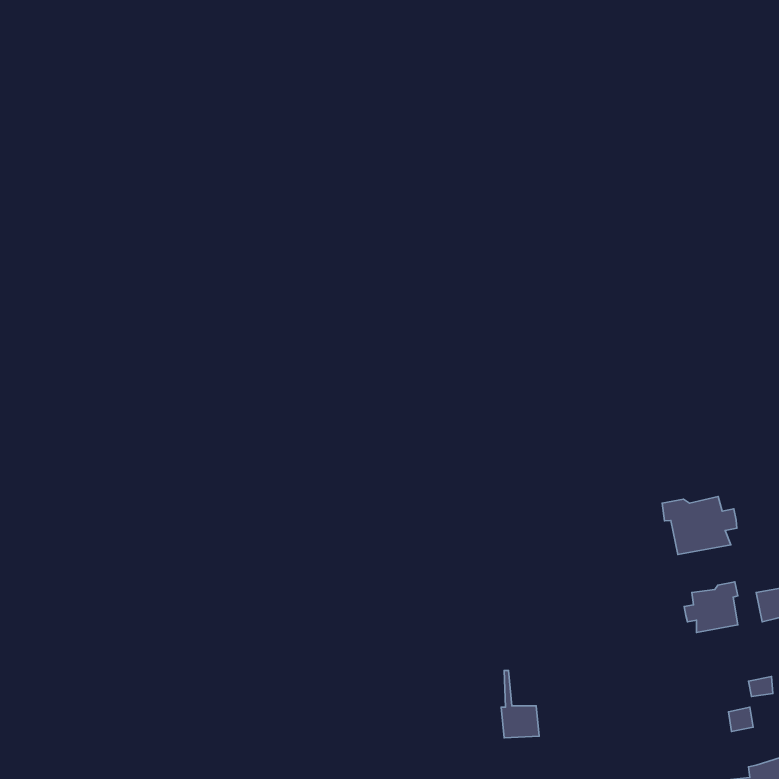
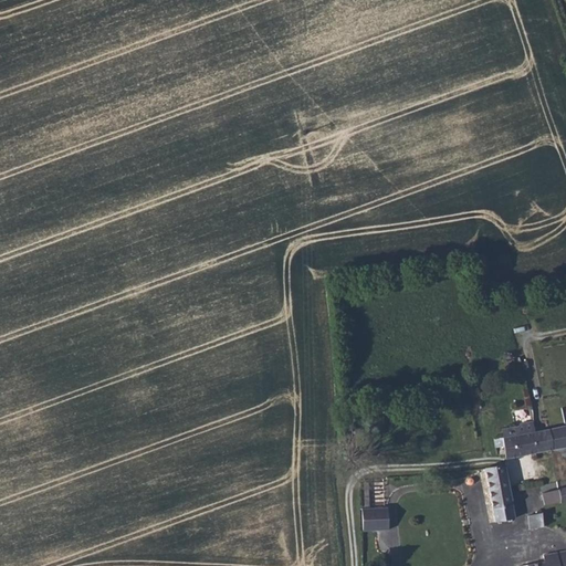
building: [662,496,737,555] -> none
building: none -> [485,467,516,524]

